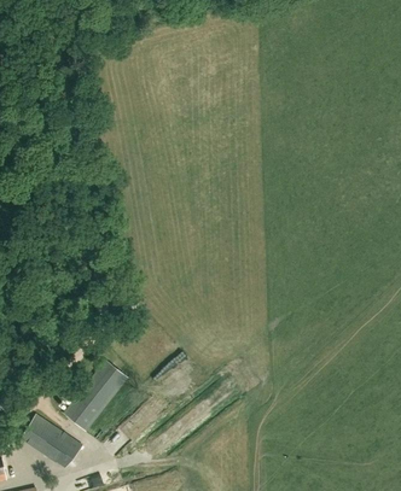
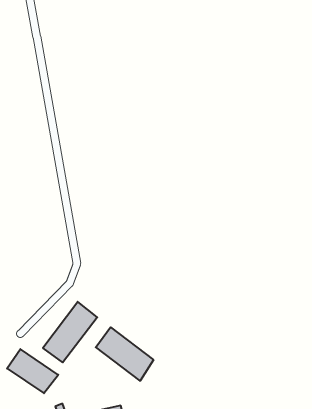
building: none -> [96,327,153,381]

